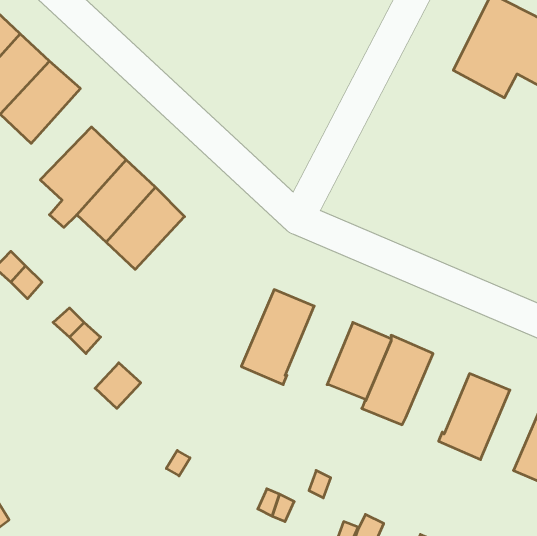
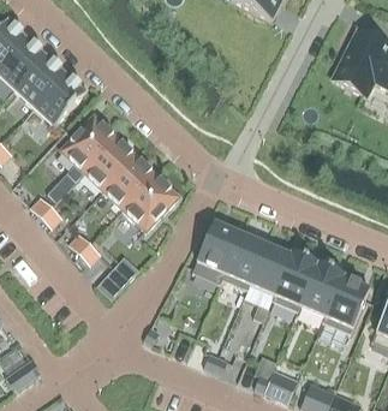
building: none -> [121,173,178,230]
building: none -> [220,232,264,288]
building: none -> [299,263,342,316]

